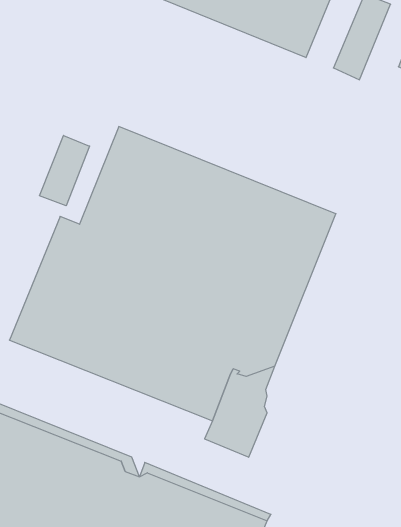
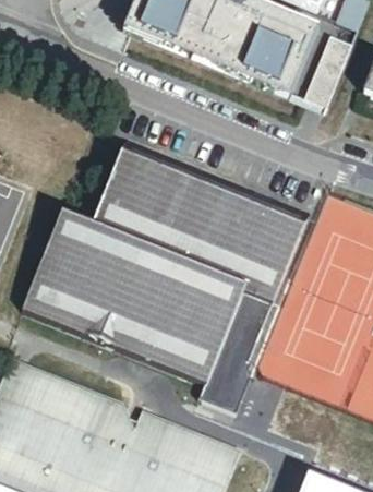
building: [39,135,90,206] -> none

